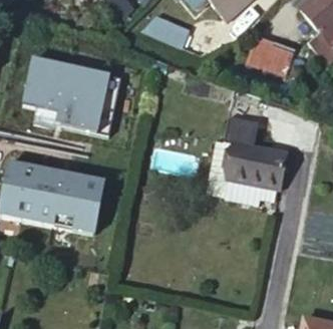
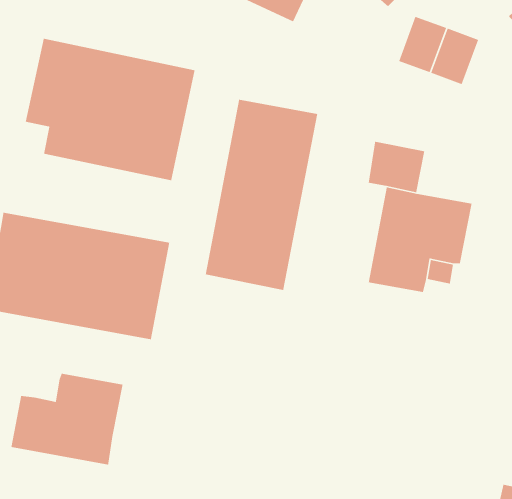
building: none -> [205,99,318,291]
building: none -> [10,373,123,465]

